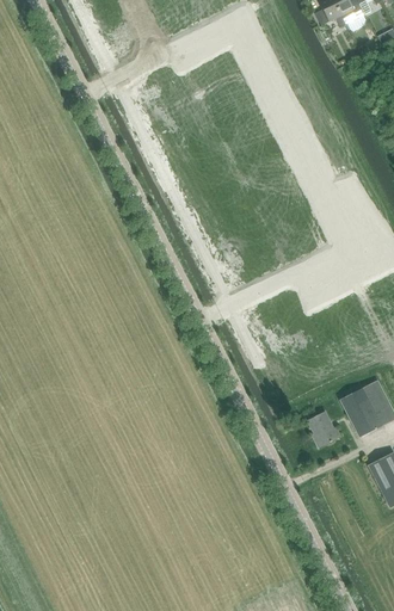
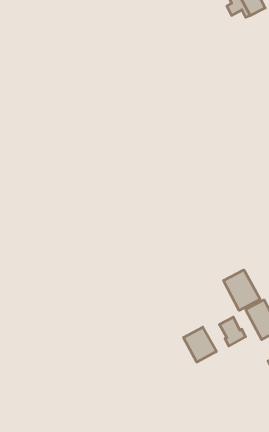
building: none -> [224,270,260,310]
building: none -> [184,327,216,362]

